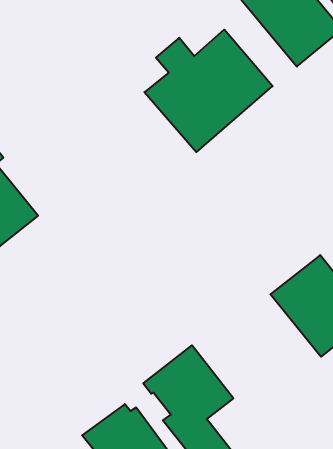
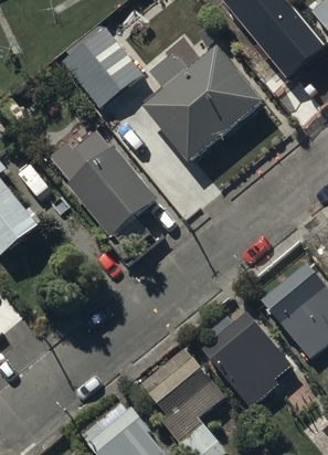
building: none -> [61,27,142,108]
building: none -> [49,129,155,234]
building: none -> [201,309,293,409]

